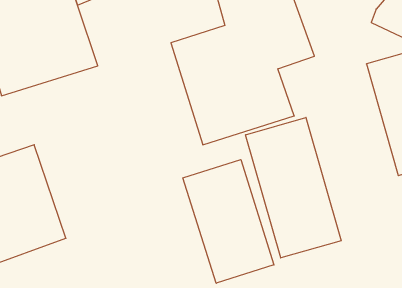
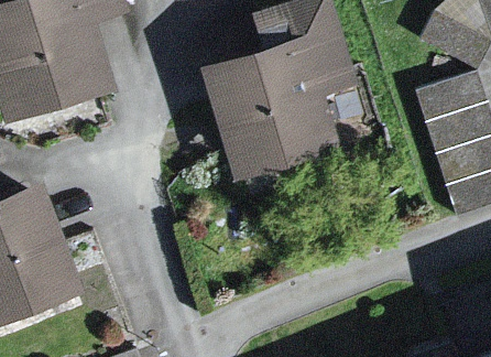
building: [246,117,341,258] -> none
building: [183,160,274,283] -> none

